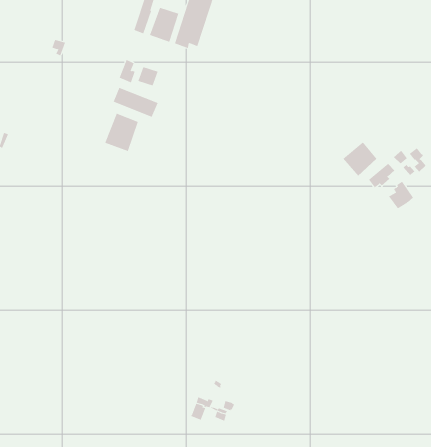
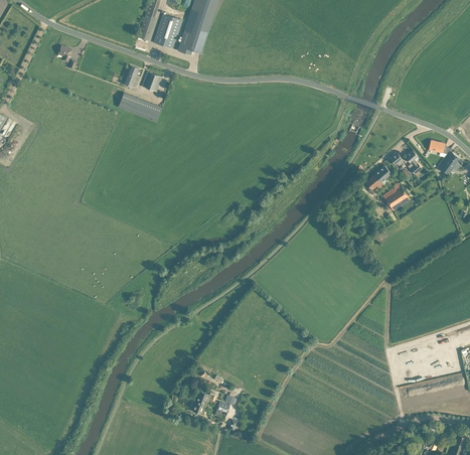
building: [105,113,138,152] -> none
building: [342,141,377,177] -> none

